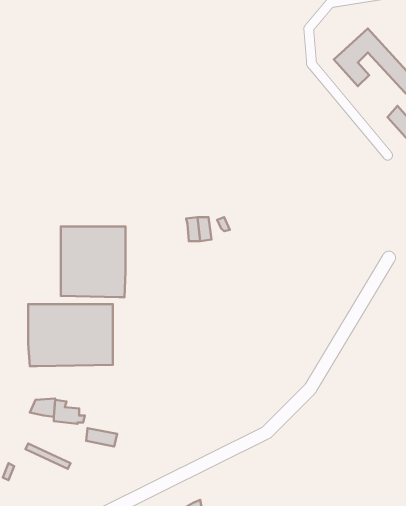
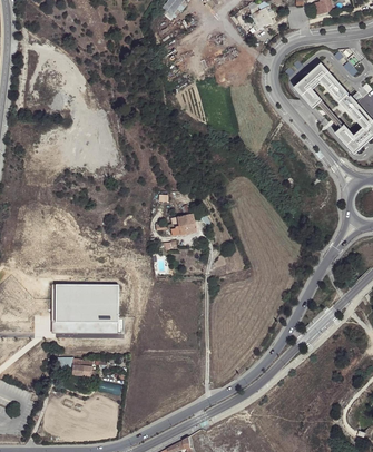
building: [61,227,126,297] -> none

